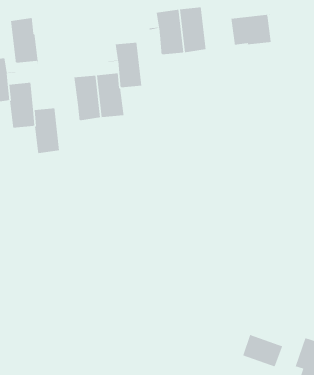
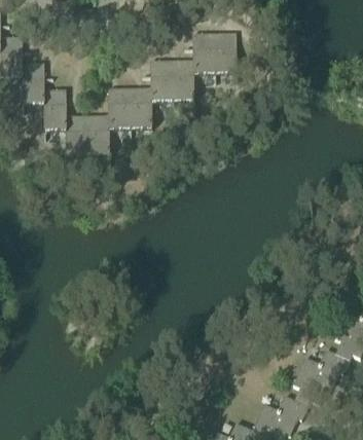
building: [231,13,279,46] -> none
building: [10,17,40,72] -> [87,114,111,164]
building: none -> [172,59,195,109]
building: [242,334,289,370] -> none

